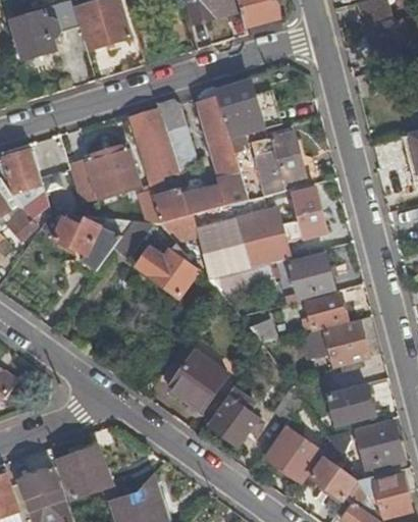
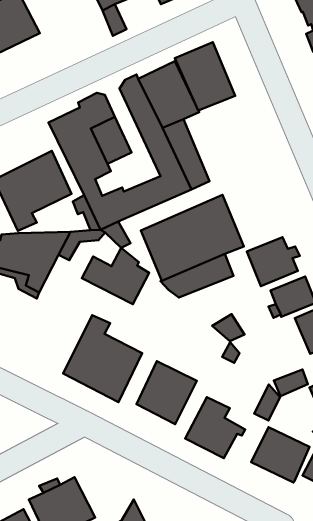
building: [256,133,306,193] -> [175,42,235,110]
building: [293,189,327,237] -> none
building: none -> [63,315,142,402]

